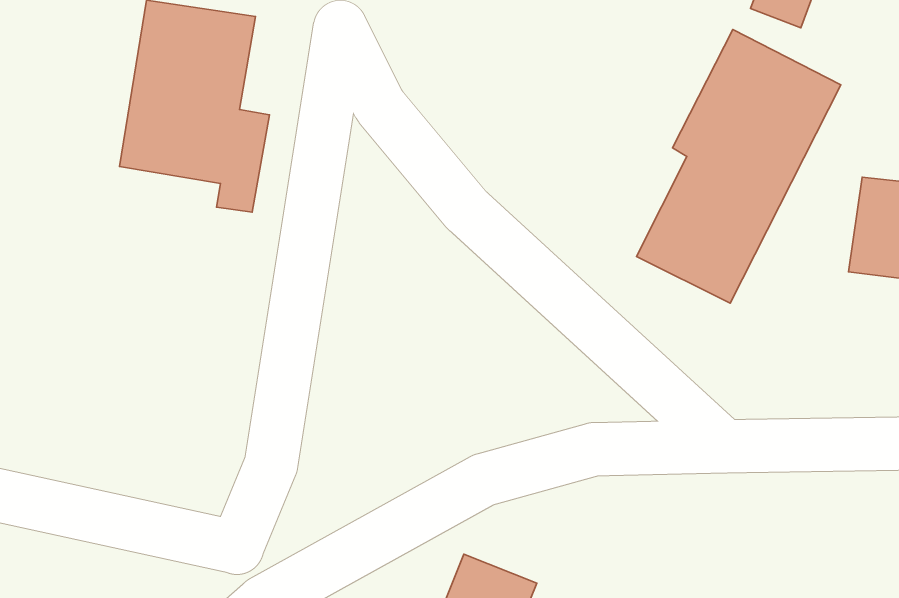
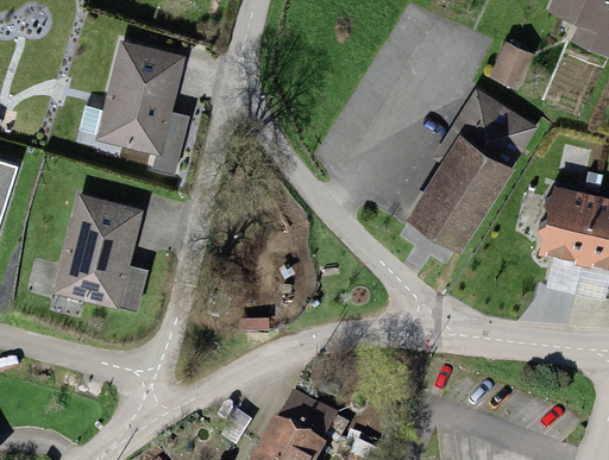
building: none -> [54,194,149,311]

